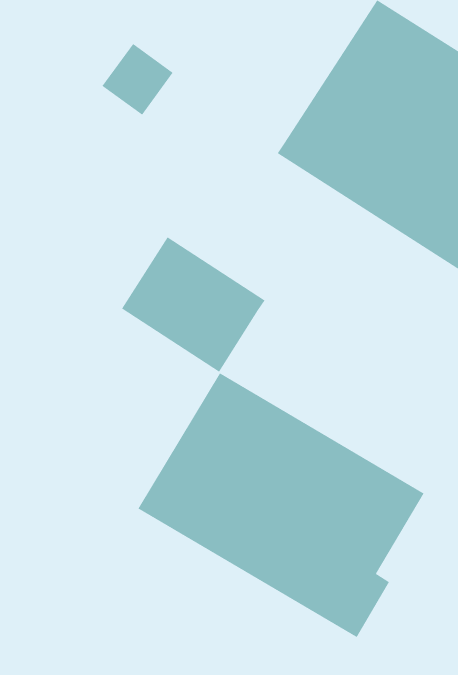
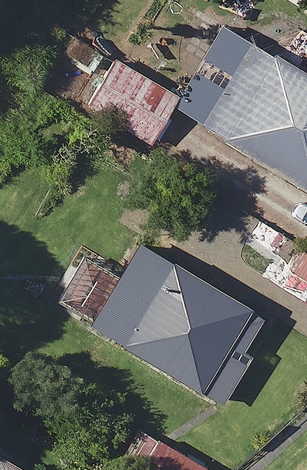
building: [121,237,265,372] -> [90,64,178,147]

